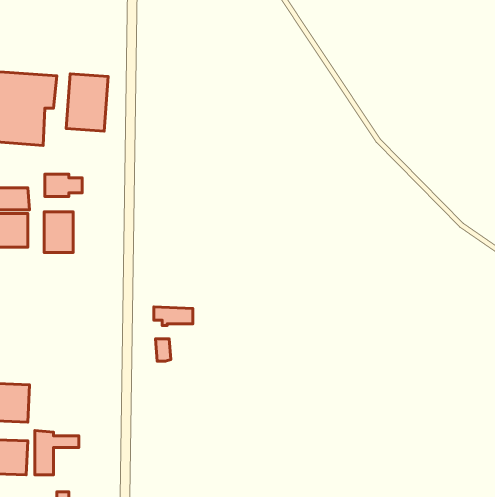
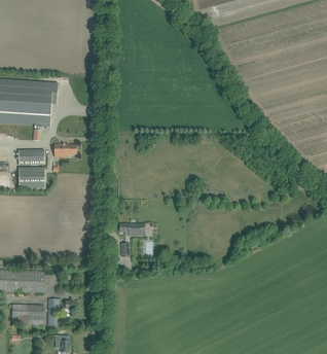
building: [66,74,108,131] -> none
building: [44,212,73,252] -> none

